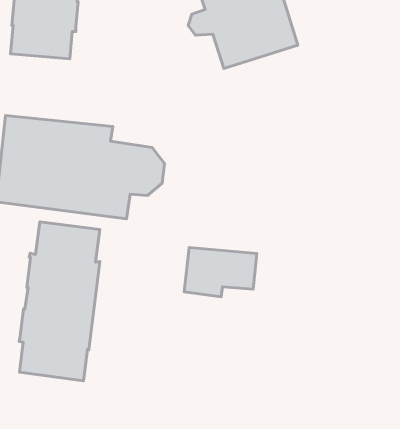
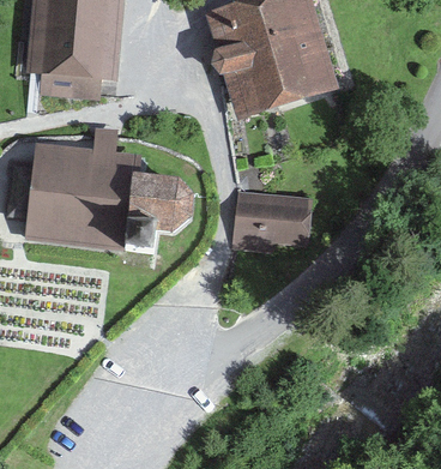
building: [19,222,100,381] -> none
building: [184,247,257,297] -> [234,197,304,245]

